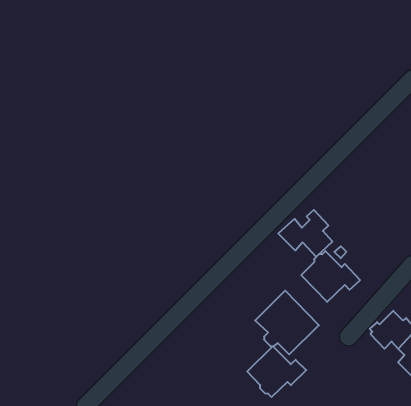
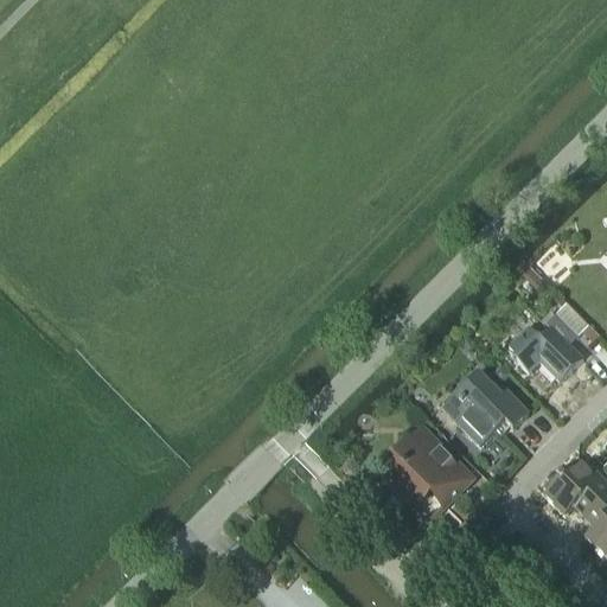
building: [278,210,332,257] -> [506,309,586,378]
building: [247,346,306,397] -> none

